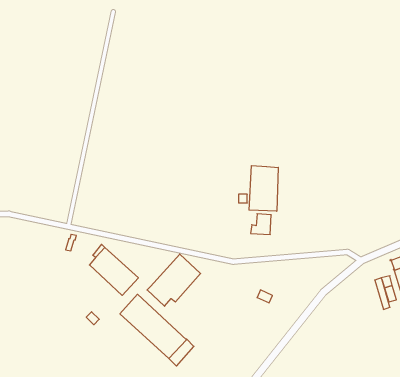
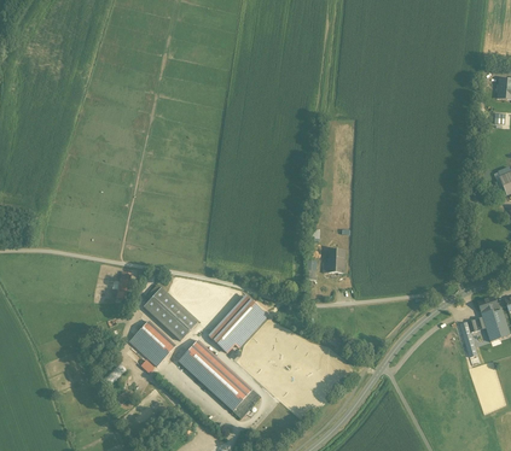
building: [249,166,278,211] -> none
building: none -> [128,321,174,365]

